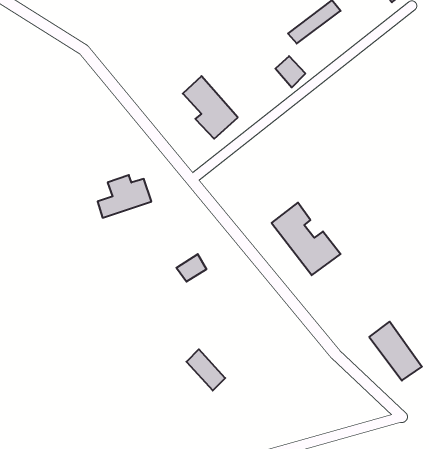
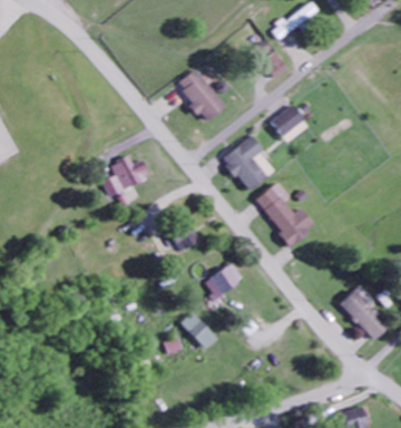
building: none -> [271,105,309,143]
building: none -> [224,136,276,192]
building: none -> [203,263,243,298]

